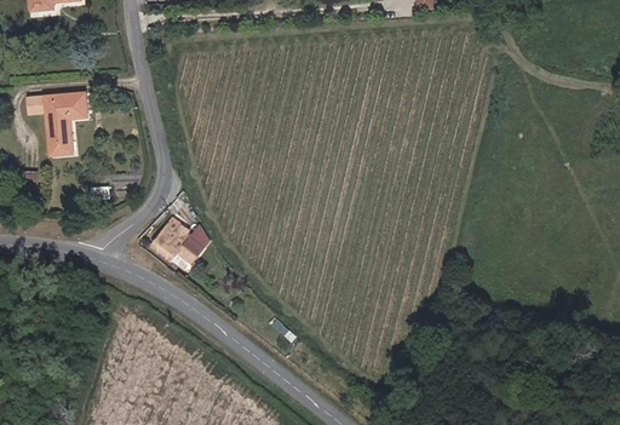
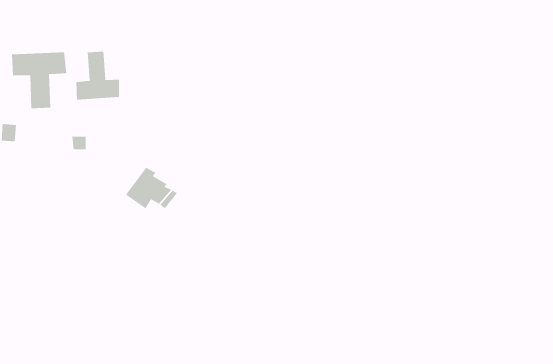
building: none -> [76,51,119,100]

